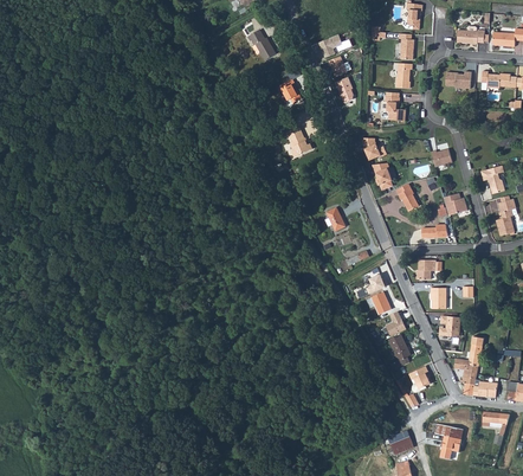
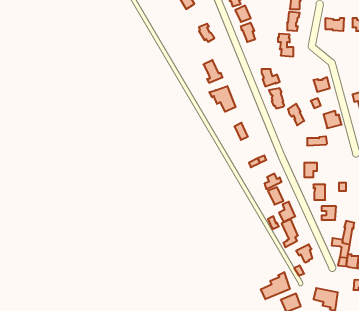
building: none -> [209,86,236,112]
building: none -> [261,272,290,299]

